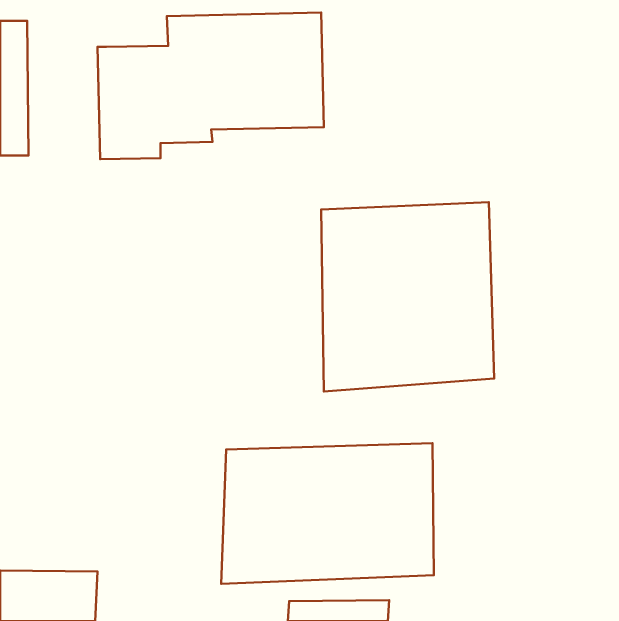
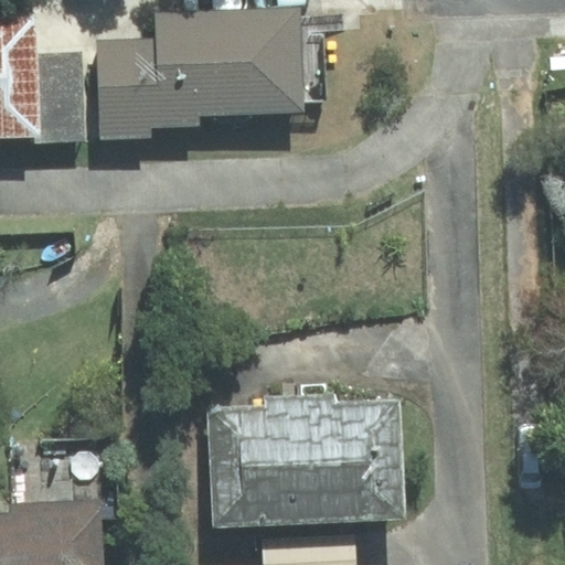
building: [321,202,494,391] -> none

